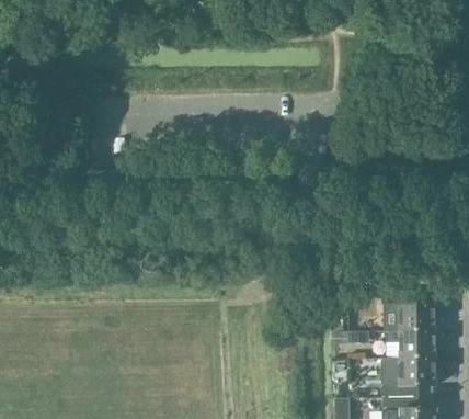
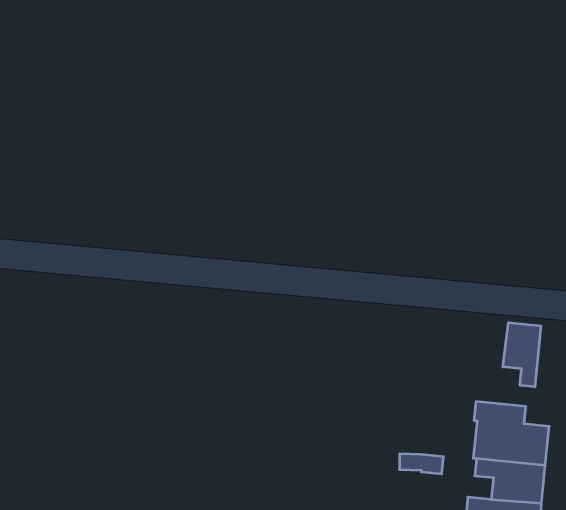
building: none -> [503,323,541,387]

